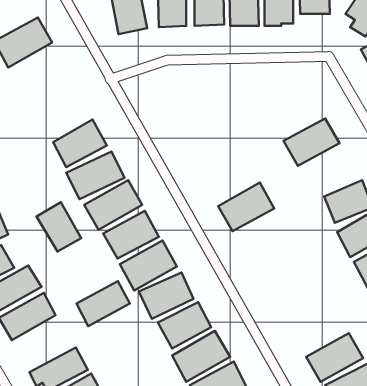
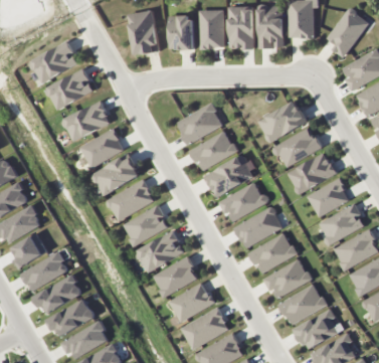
building: none -> [45,68,93,111]
building: none -> [62,101,111,142]
building: none -> [258,101,308,142]
building: none -> [175,103,222,144]
building: none -> [188,131,235,170]
building: none -> [289,152,337,194]
building: none -> [203,154,255,197]
building: [37,202,81,251] -> none
building: none -> [233,206,282,248]
building: none -> [248,232,296,274]
building: none -> [263,258,310,299]
building: [76,281,130,326] -> [48,299,93,337]
building: none -> [277,284,325,325]

